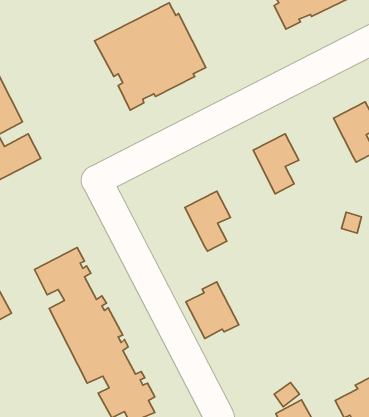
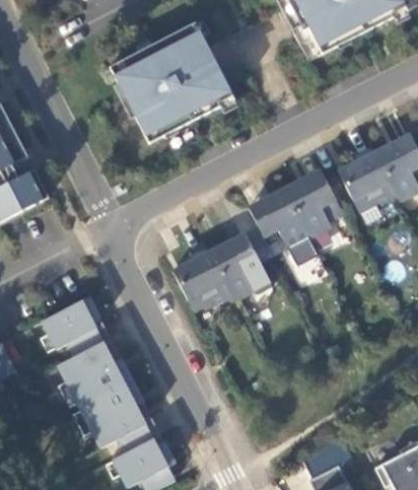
building: none -> [338,149,397,212]
building: none -> [249,189,309,249]
building: [186,282,239,338] -> [172,249,231,311]

